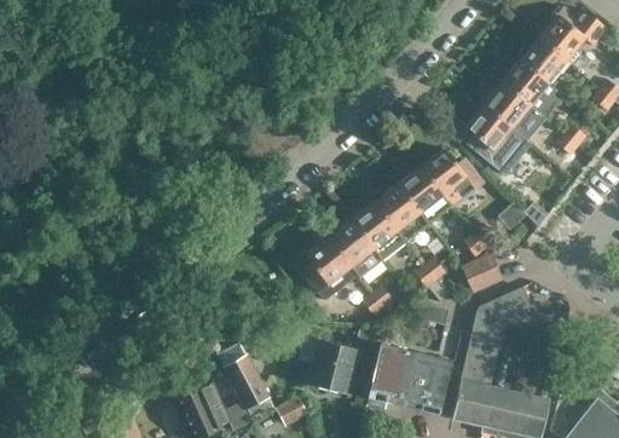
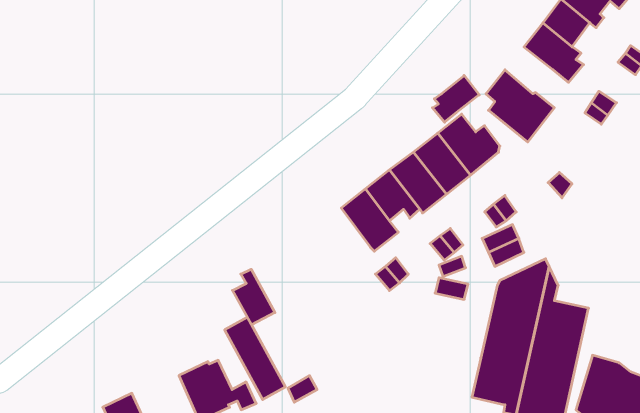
building: [485,83,531,128] -> none
building: none -> [432,75,479,122]
building: [302,237,357,295] -> none
building: none -> [232,269,275,325]
building: [310,339,358,393] -> none
building: [369,344,452,415] -> none

